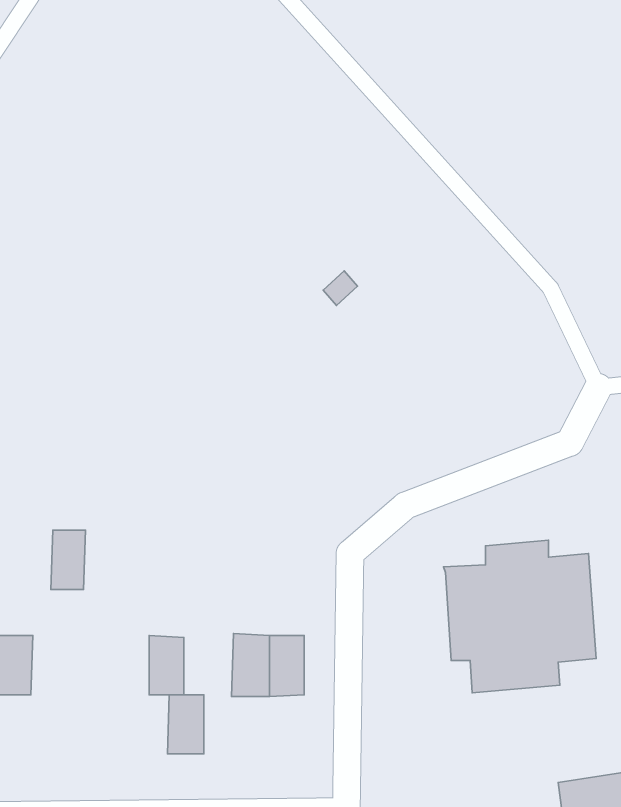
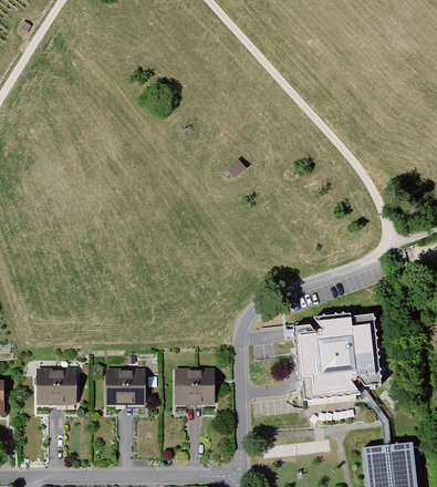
building: [51,530,85,589] -> [56,370,76,404]
building: [167,695,204,754] -> [104,370,125,404]

